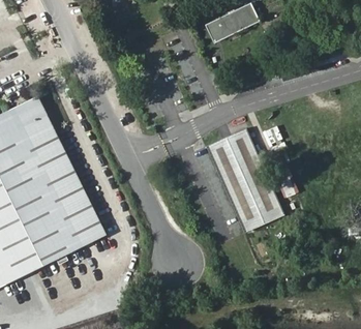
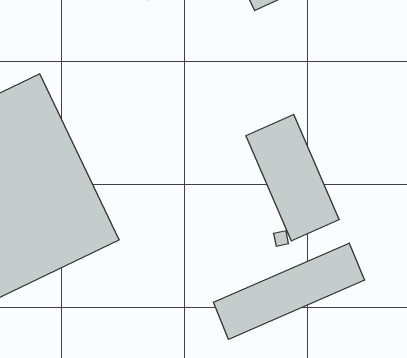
building: none -> [213,243,364,339]

